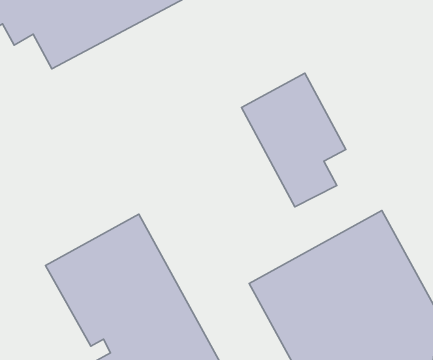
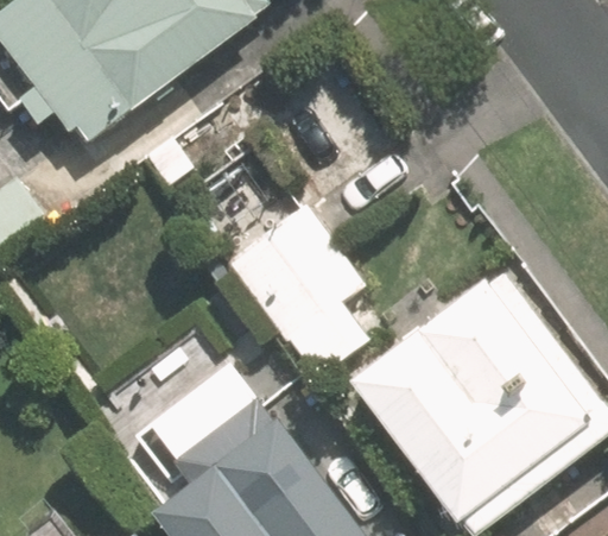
building: [241,73,346,207] -> [226,207,360,371]

